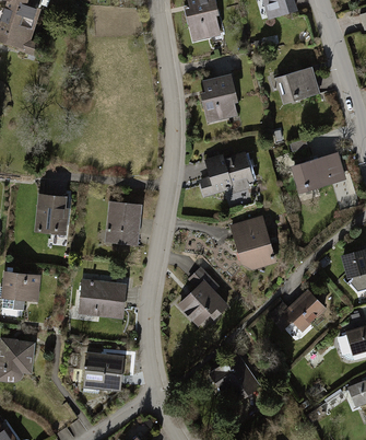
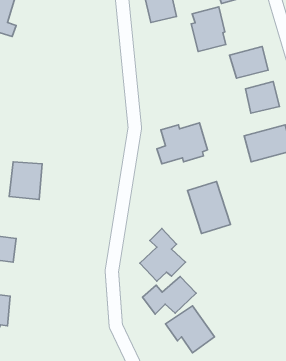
building: [197,73,235,123] -> [191,7,226,52]
building: none -> [246,81,280,113]
building: [104,201,143,247] -> none
building: [79,279,127,320] -> none
building: [268,291,327,333] -> [142,276,196,314]
building: [83,354,126,394] -> none

